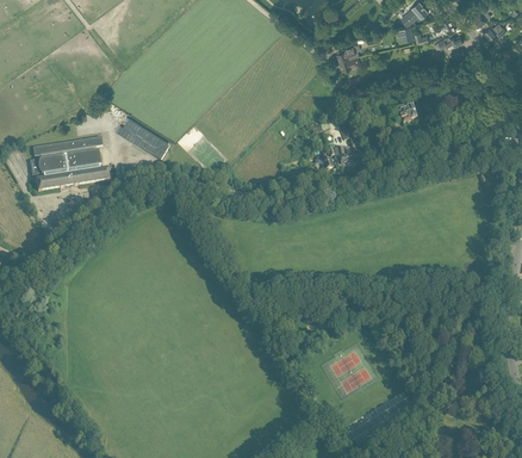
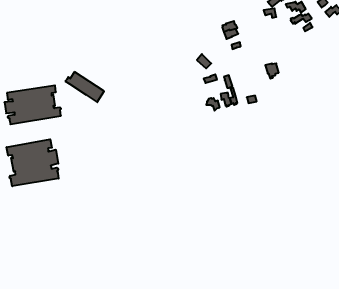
building: none -> [7,139,59,186]

